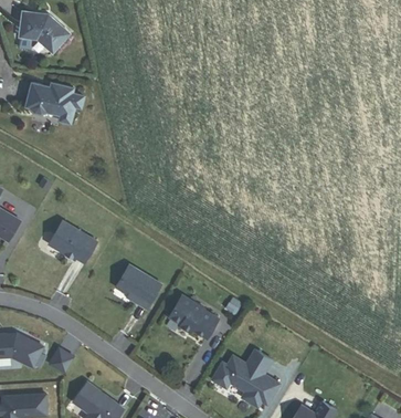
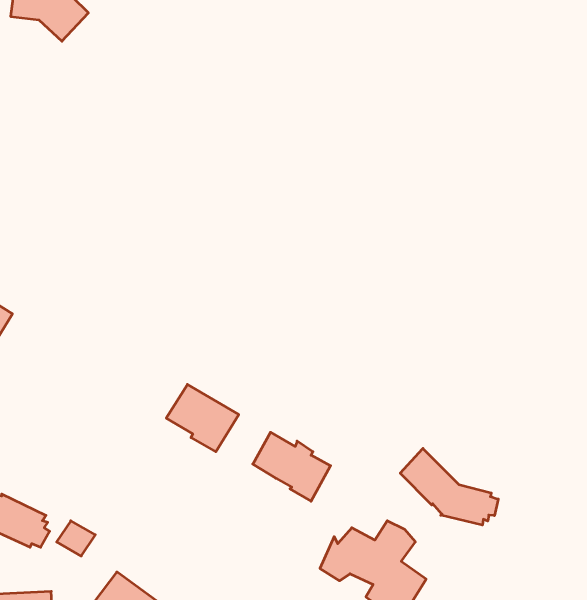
building: [25,82,83,123] -> none
building: [50,221,97,262] -> none
building: none -> [400,448,498,525]

